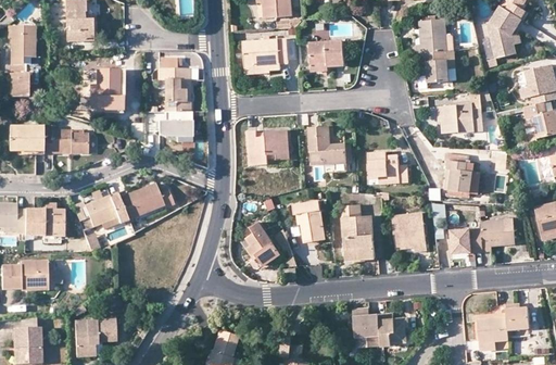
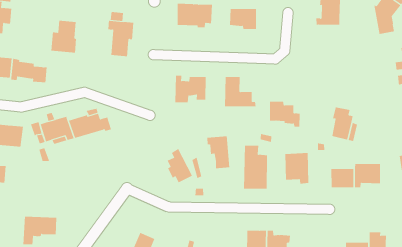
building: [420,49,455,81] -> none
building: [441,91,482,133] -> none
building: [155,112,192,142] -> none

